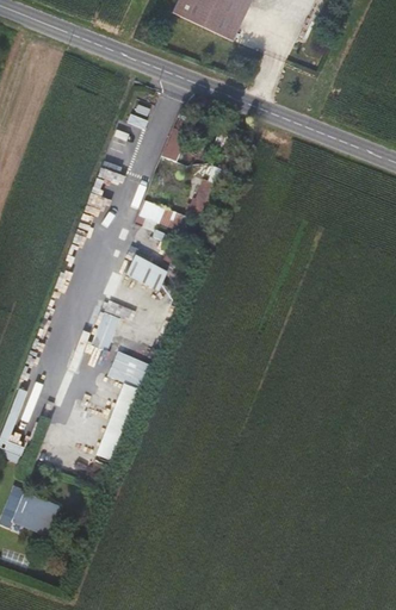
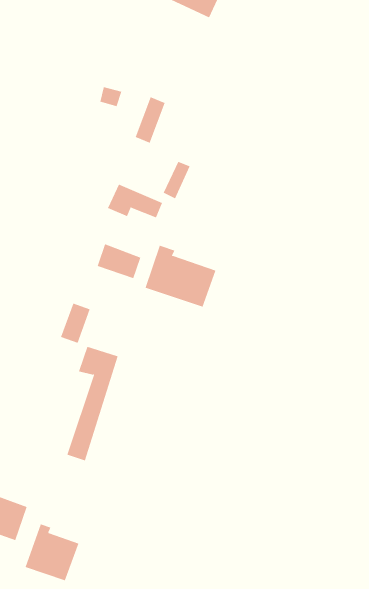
building: none -> [145,245,216,308]
building: none -> [25,523,79,581]

